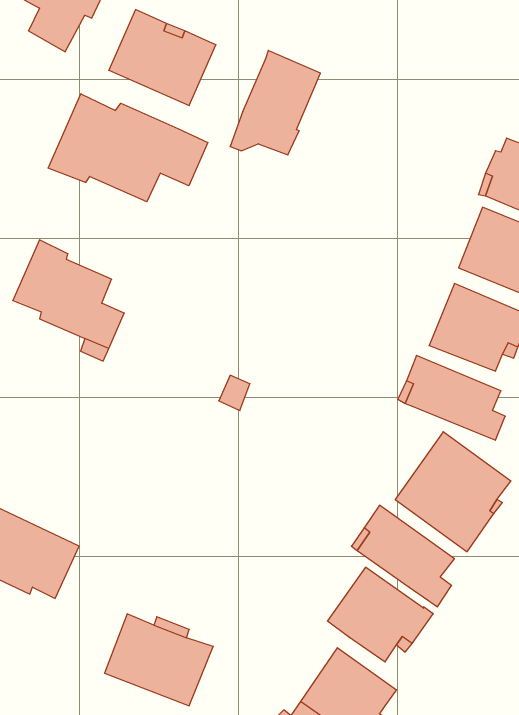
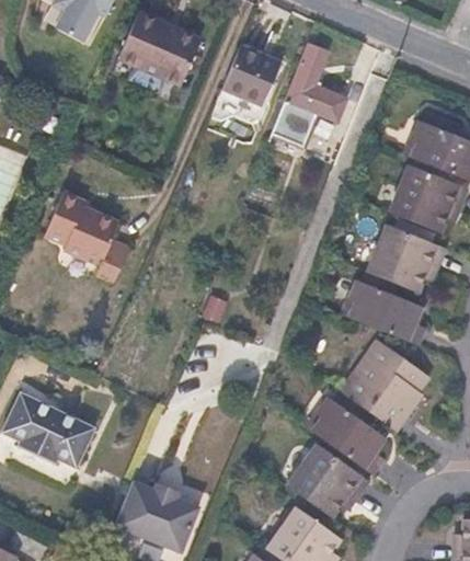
building: none -> [271,43,347,147]
building: [48,94,208,202] -> none

